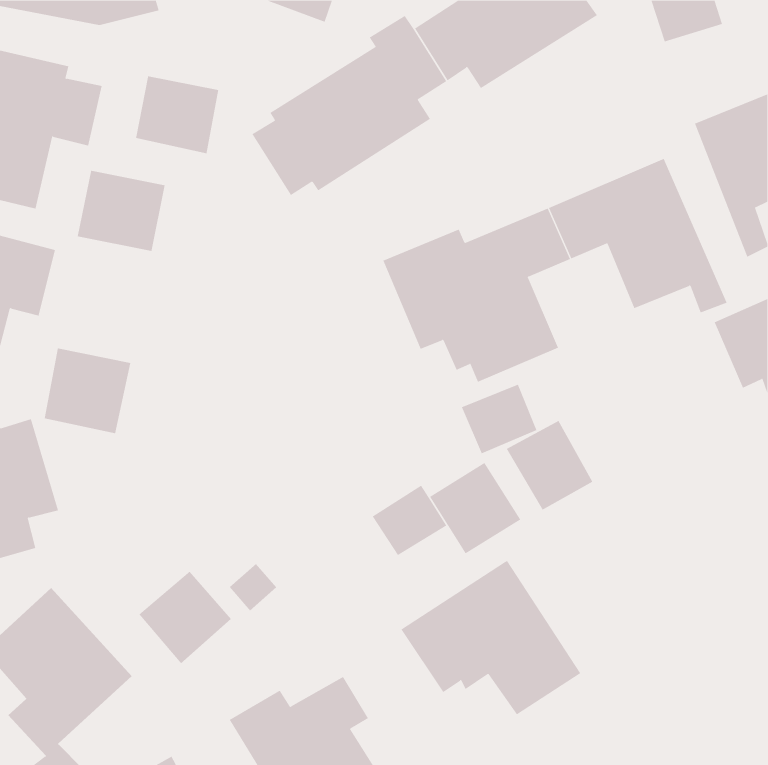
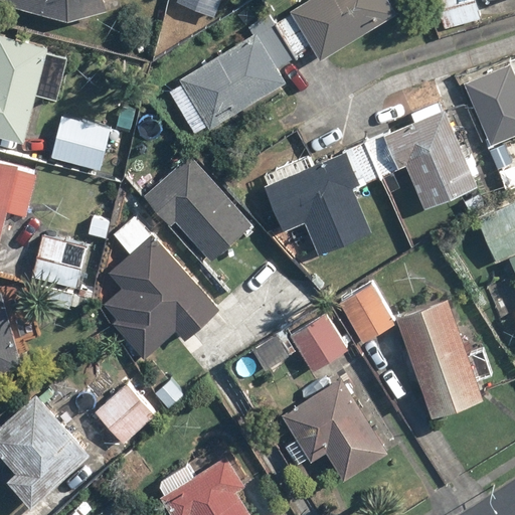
building: [135,75,219,154] -> none
building: none -> [143,152,253,261]
building: none -> [100,233,217,357]
building: [461,384,537,454] -> none
building: none -> [397,301,484,419]

